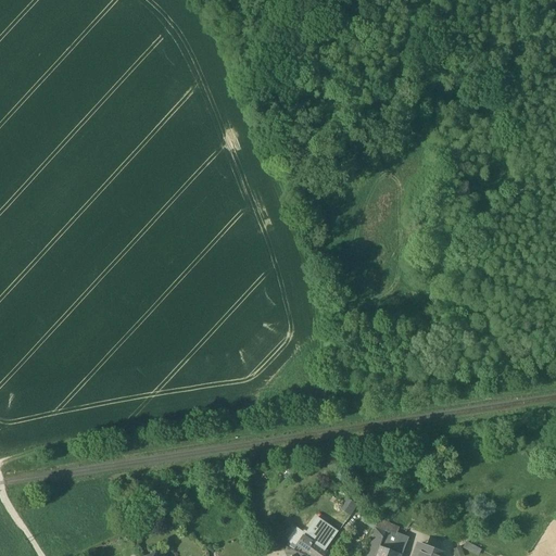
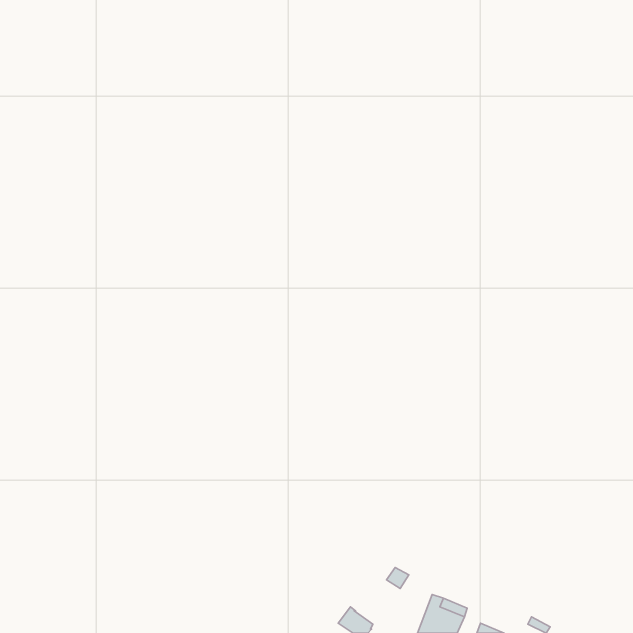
building: [307,518,338,547] -> none

